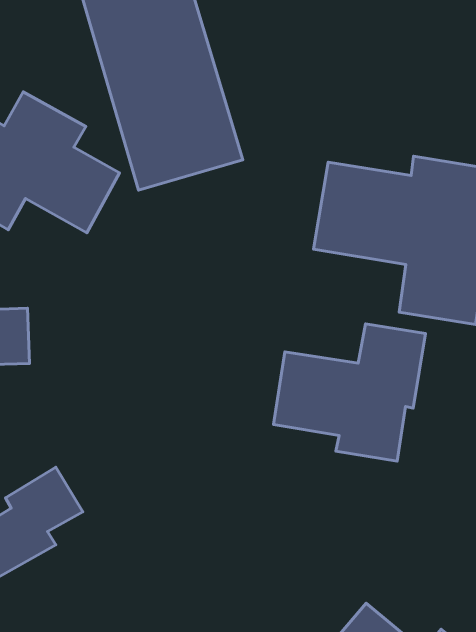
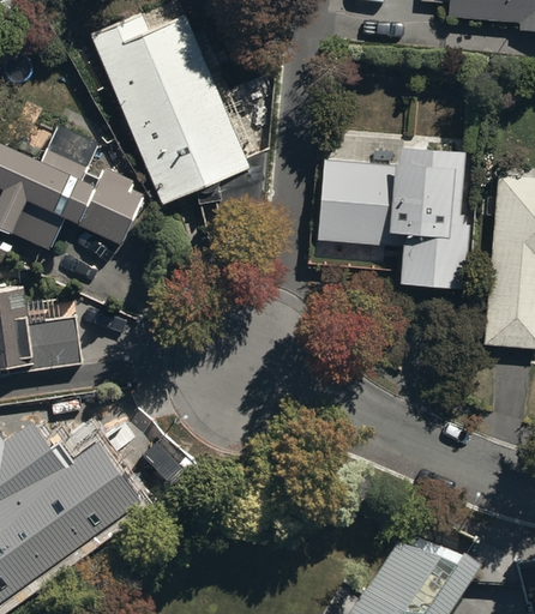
building: [274,324,426,461] -> none

